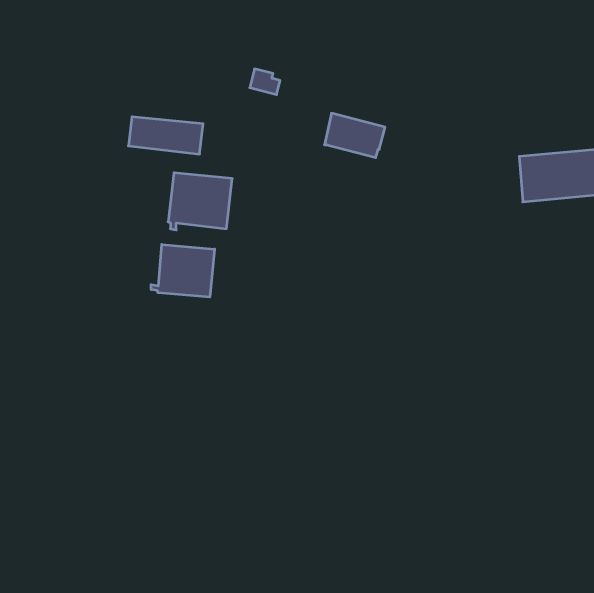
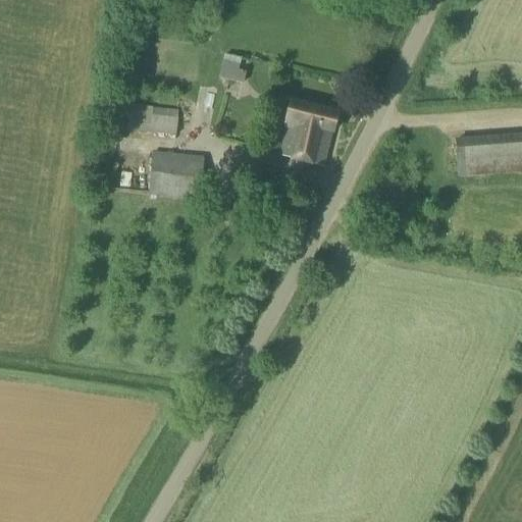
building: none -> [281,126,330,165]
building: [151,244,215,297] -> none

